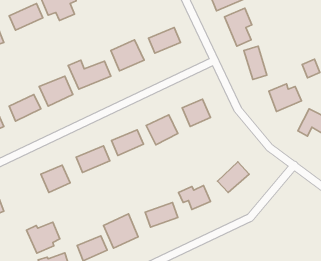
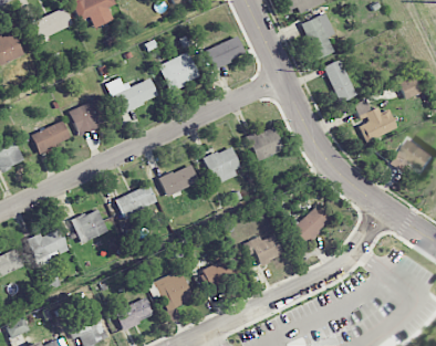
building: [26,222,60,253] -> [27,229,69,268]

